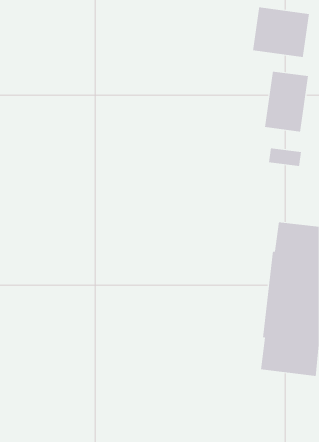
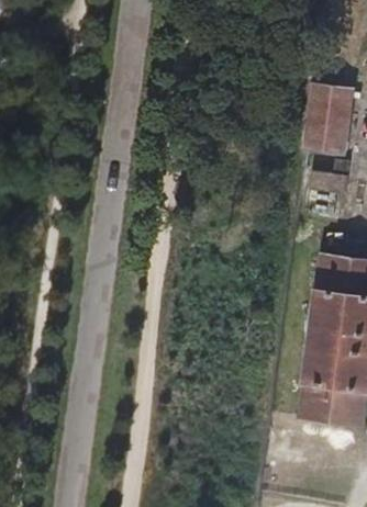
building: [252,7,310,58] -> none

